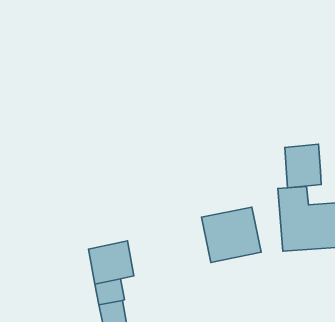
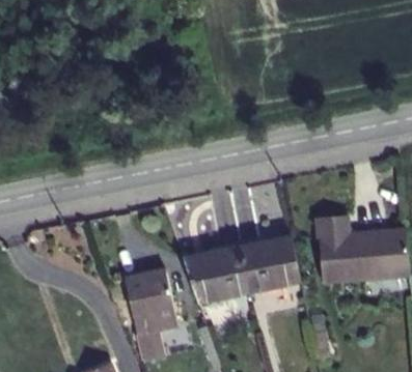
building: [285,144,321,188] -> none
building: none -> [187,247,253,303]

